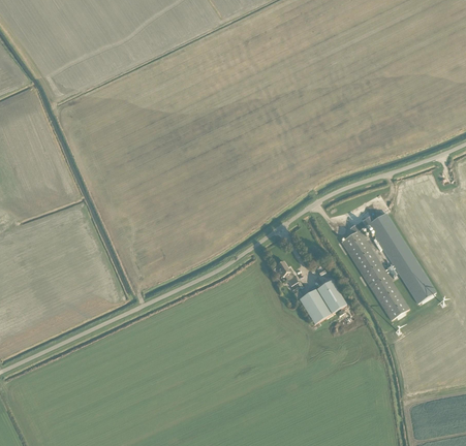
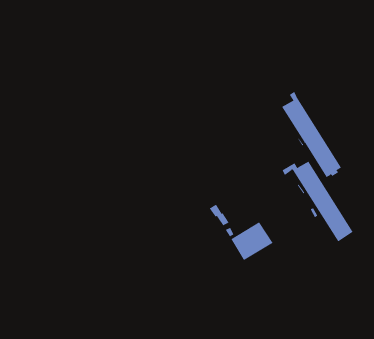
building: [341,223,408,319] -> [281,91,342,178]

